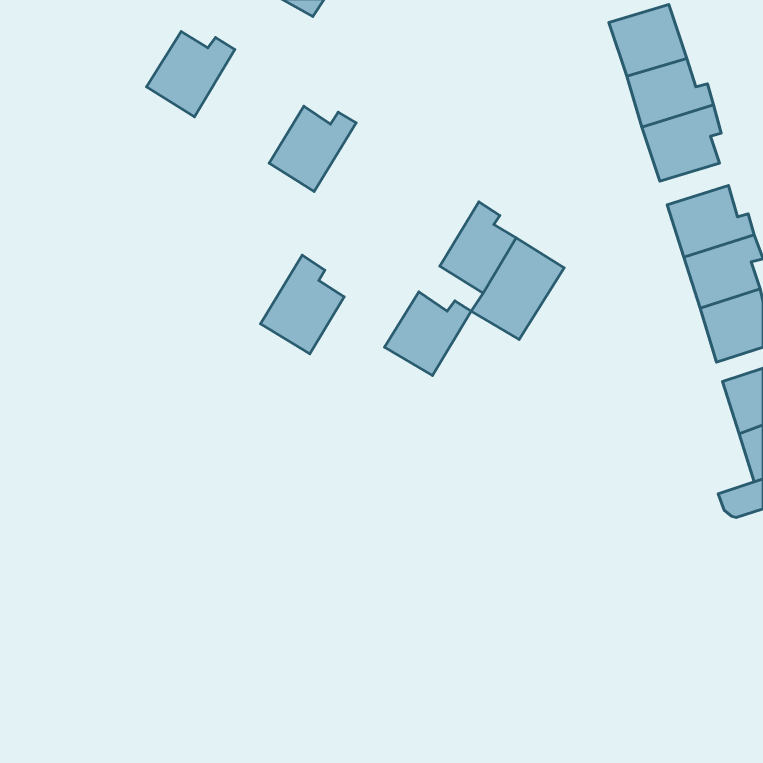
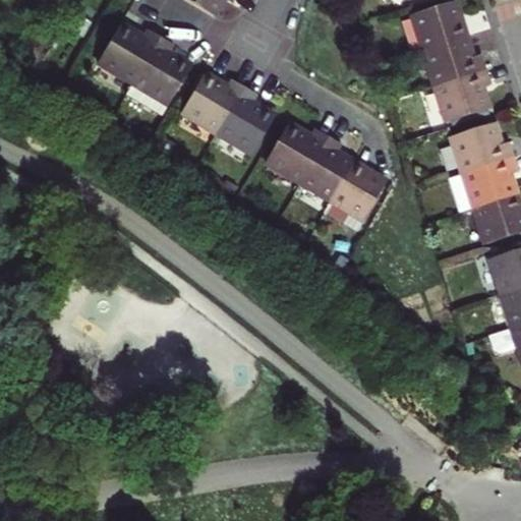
building: none -> [125,34,186,111]
building: [260,255,344,354] -> [214,83,271,151]
building: [384,292,471,376] -> [267,124,326,181]

